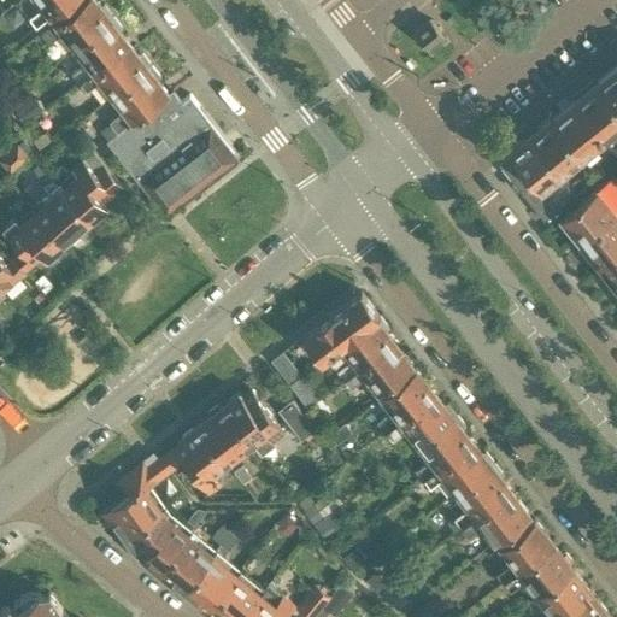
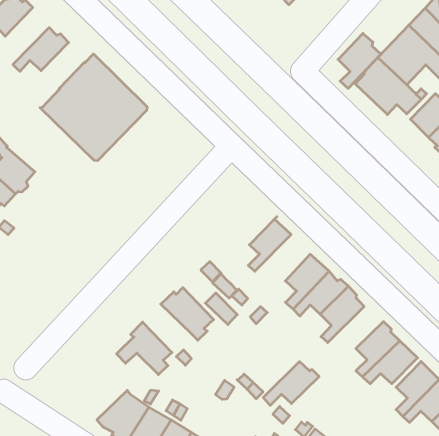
building: [70,19,129,87] -> none
building: [100,69,168,145] -> none
building: none -> [338,33,381,88]
building: [57,155,122,223] -> none
building: [302,294,380,363] -> none
building: [343,342,412,394] -> none
building: [196,407,254,469] -> none
building: [422,443,494,494] -> [263,362,319,405]
building: [101,457,171,540] -> none

